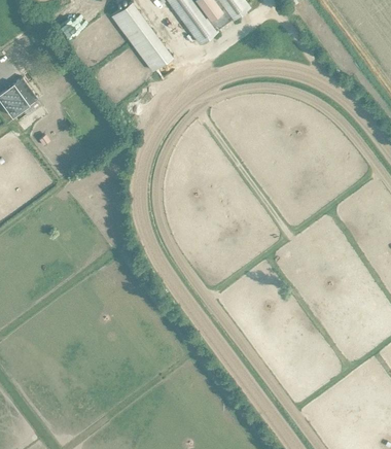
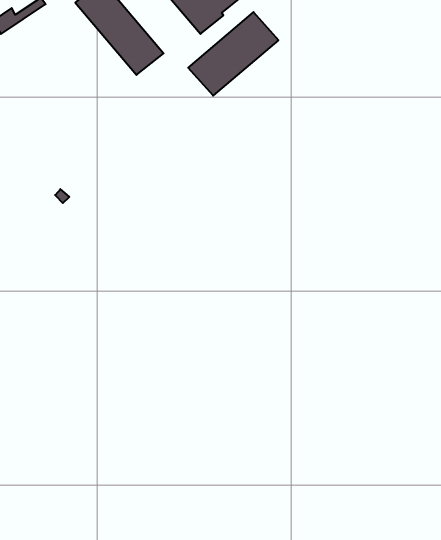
building: none -> [188,12,278,96]

